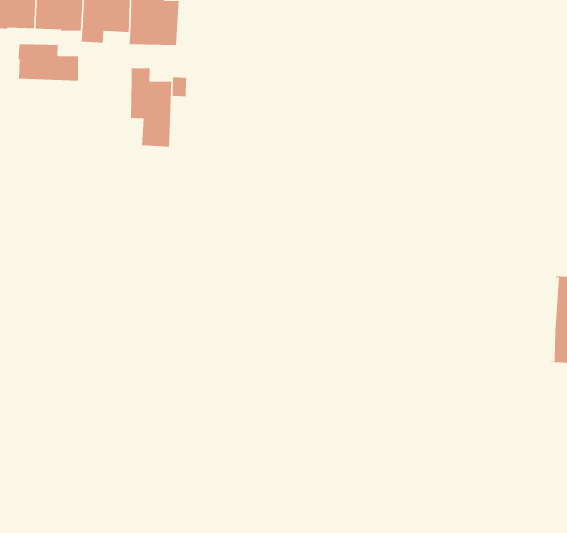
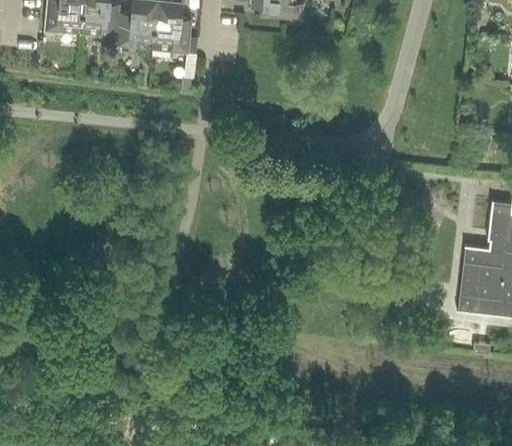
building: [17,44,79,81] -> none
building: [130,67,172,147] -> none

